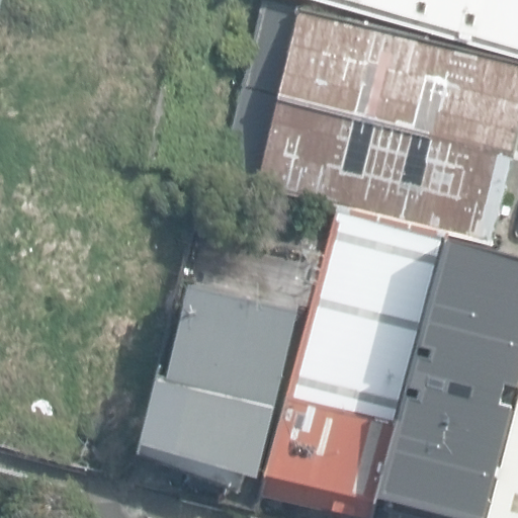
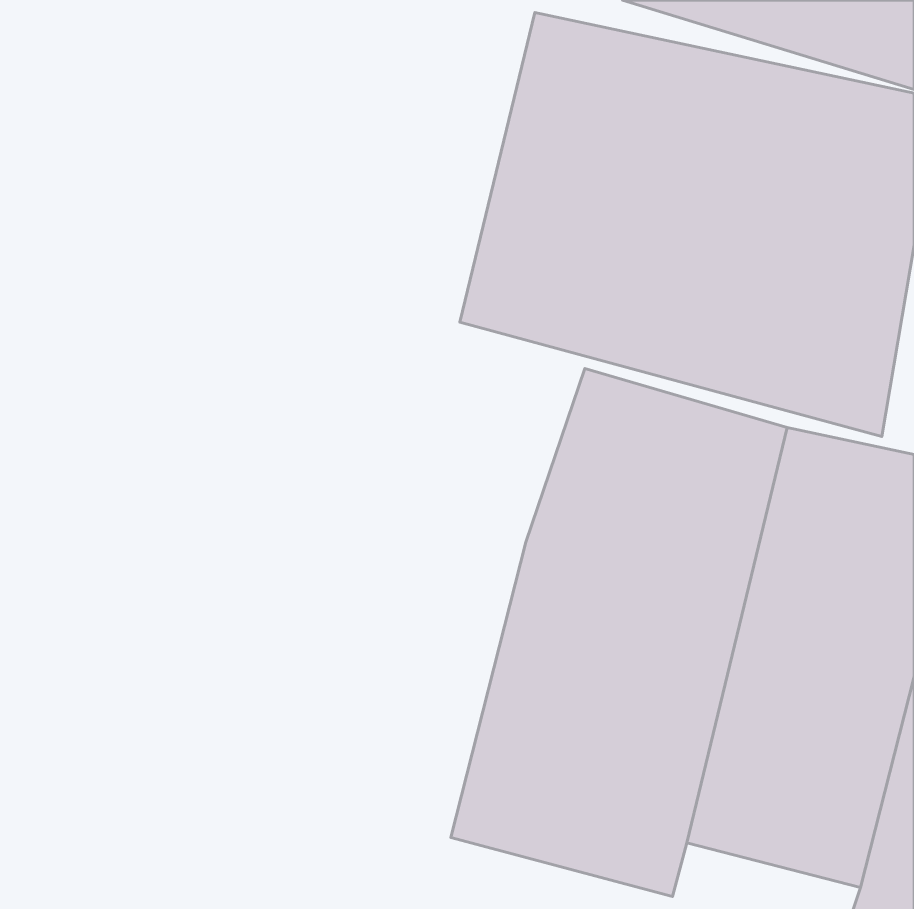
building: [145,286,297,477] -> none

